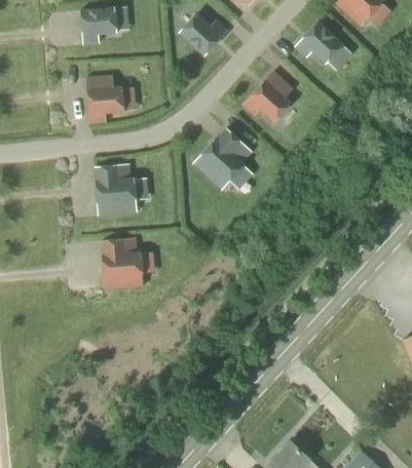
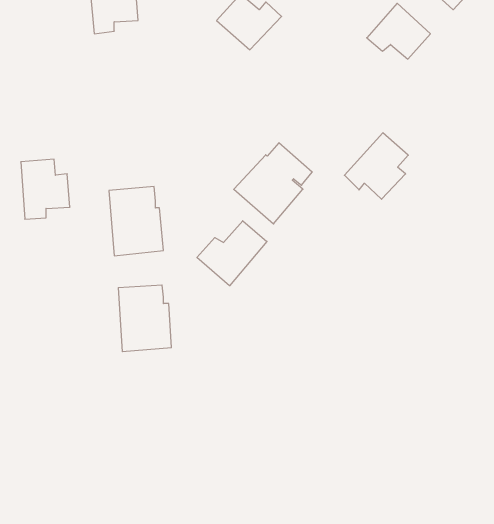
building: [246,71,295,122] -> [344,133,408,199]
building: [87,76,125,122] -> [21,159,70,219]
building: none -> [197,221,267,286]

